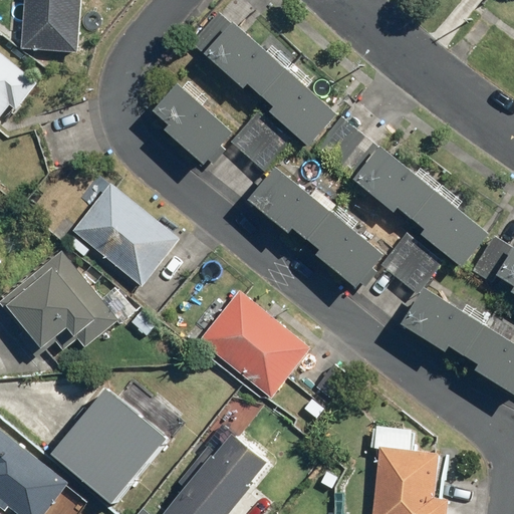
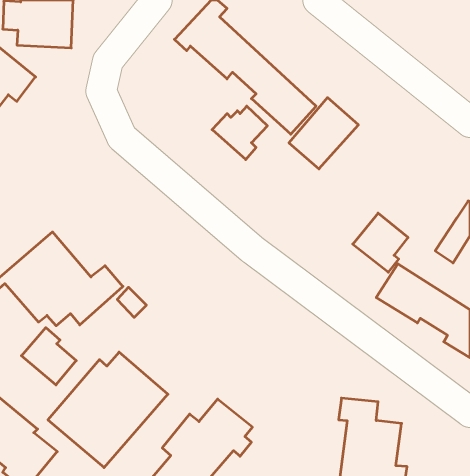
building: [155,81,234,168] -> none
building: [354,146,488,267] -> none
building: [248,167,384,288] -> none
building: [69,184,175,286] -> none
building: [193,289,310,403] -> none
building: none -> [21,328,76,385]

